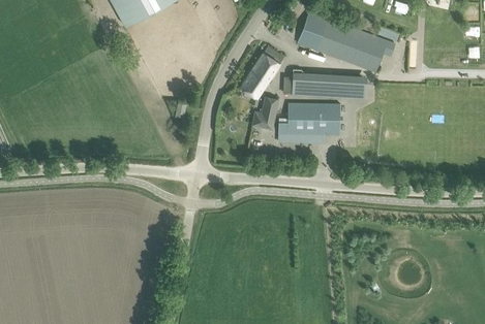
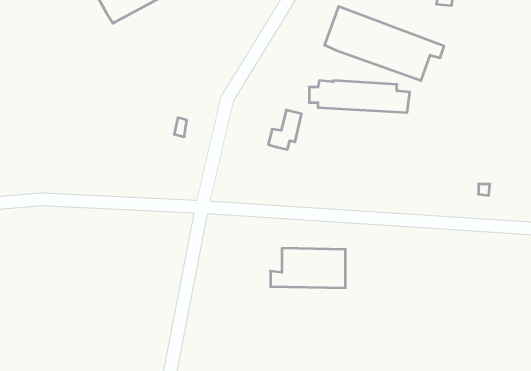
building: [239,46,282,99] -> none
building: [277,103,338,135] -> [270,248,346,288]

